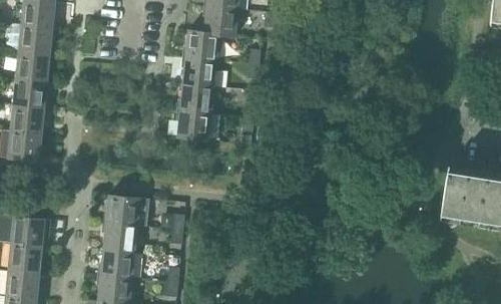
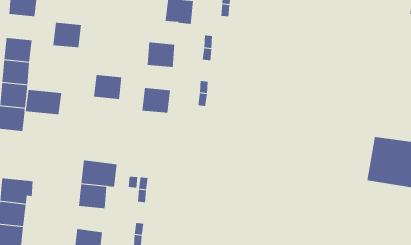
building: [18,24,52,54] -> [53,22,82,48]
building: [184,29,218,59] -> none
building: [179,83,213,112] -> [93,75,122,100]
building: none -> [25,89,62,115]
building: [100,248,134,278] -> none

